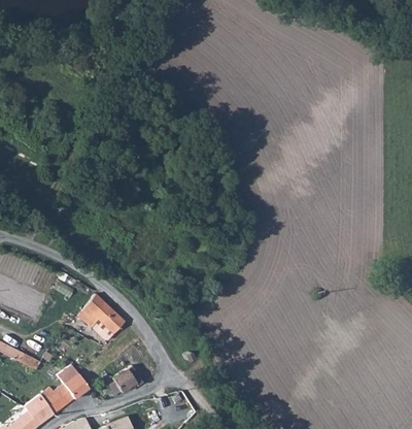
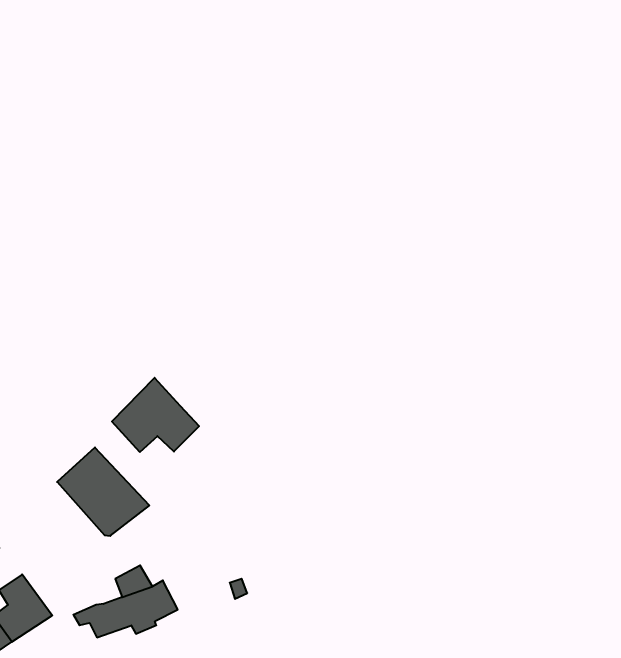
building: none -> [112,378,199,452]

